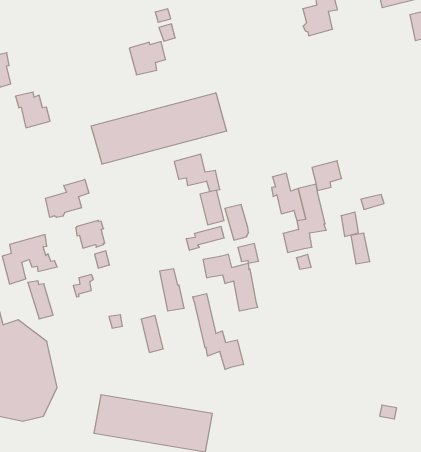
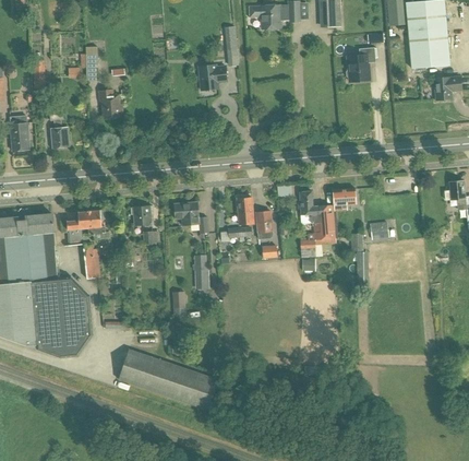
building: [91,93,227,164] -> none
building: [174,154,220,191] -> [173,201,207,233]
building: [45,179,89,217] -> none
building: [203,254,258,311] -> none
building: [193,294,243,370] -> none

